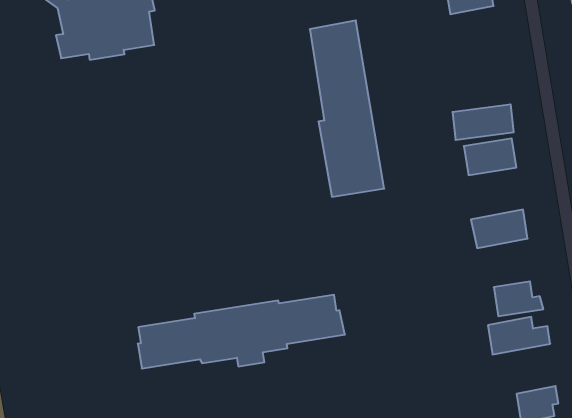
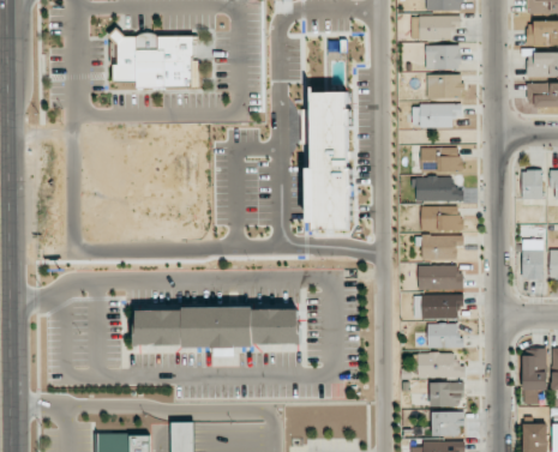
building: none -> [413,104,462,127]
building: none -> [420,147,461,171]
building: none -> [421,235,463,259]
building: none -> [420,295,463,318]
building: none -> [430,382,464,406]

